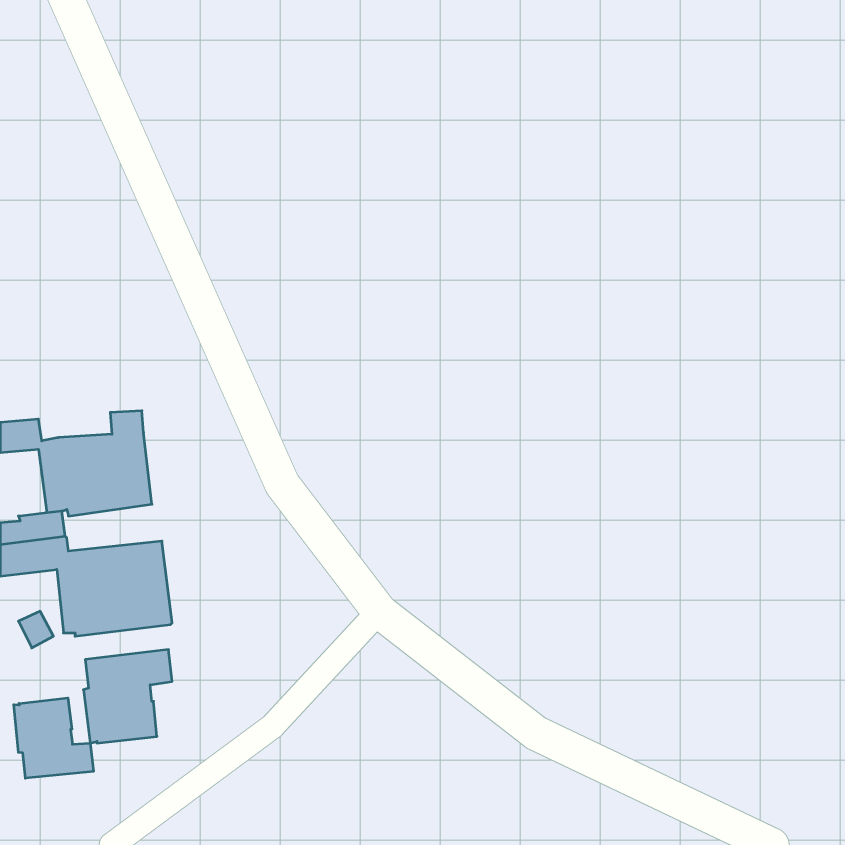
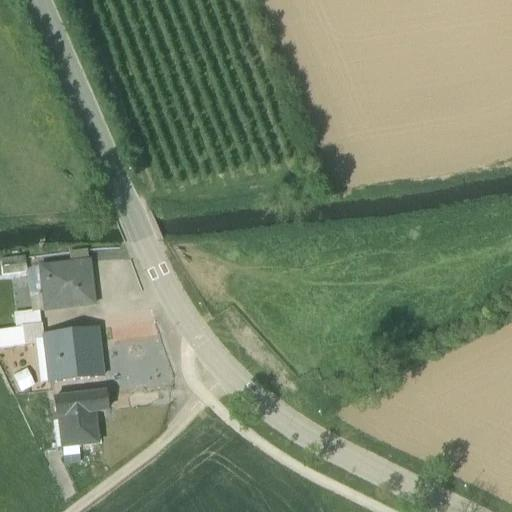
building: [14,698,93,778] -> none

